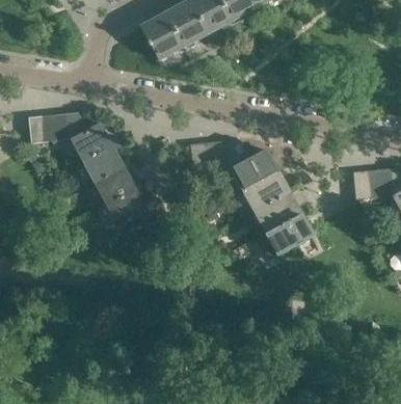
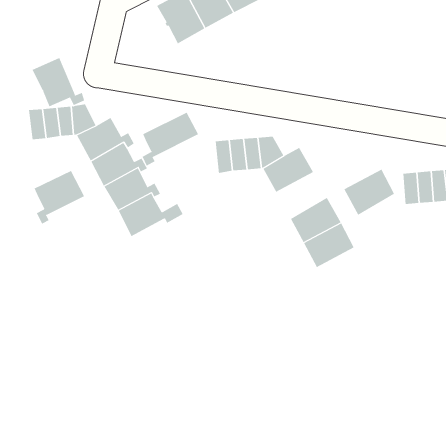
building: none -> [32,57,85,107]
building: none -> [142,112,199,166]
building: none -> [34,170,85,224]
building: [243,171,288,212] -> [344,169,395,215]

